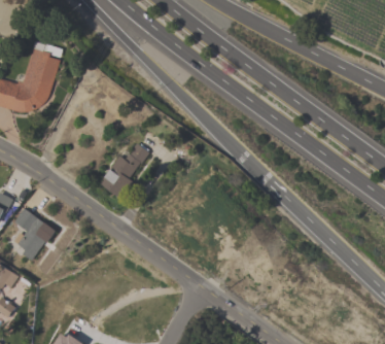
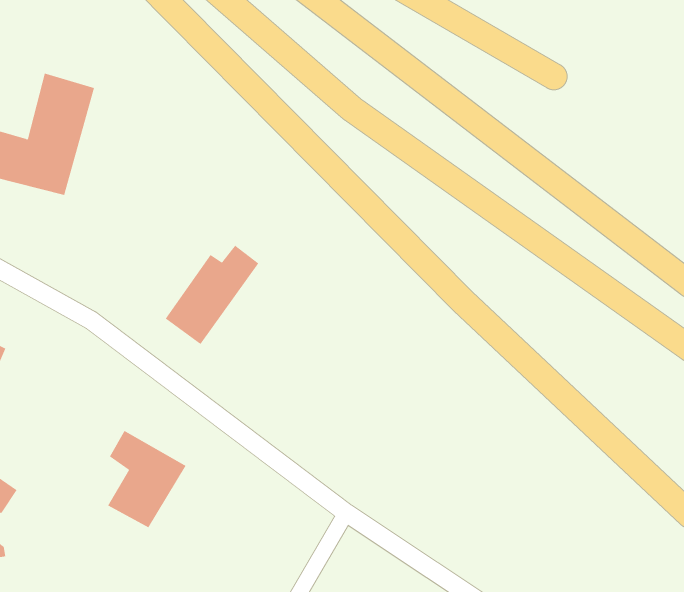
building: [12,208,56,262] -> [107,430,187,528]

